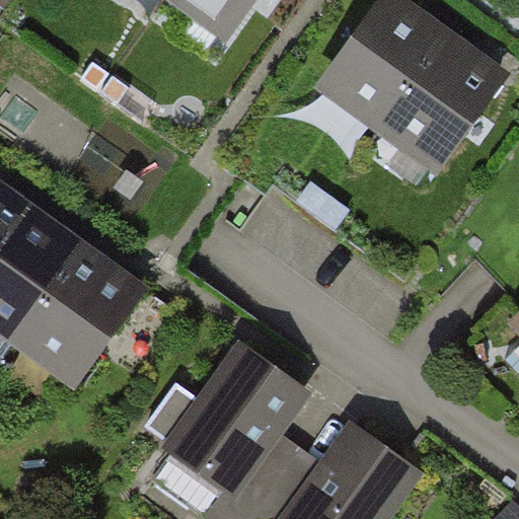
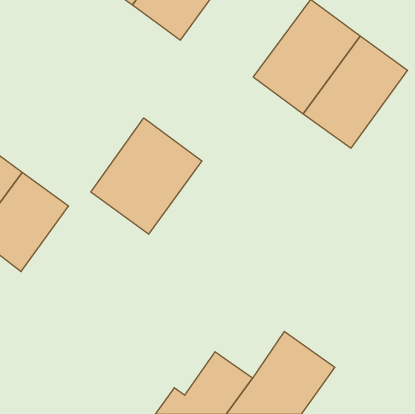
building: none -> [91,118,202,234]
building: [26,255,142,377] -> none
building: [159,330,306,490] -> none

